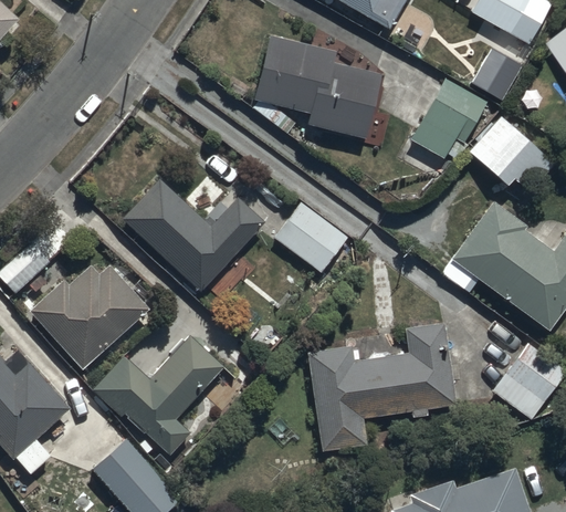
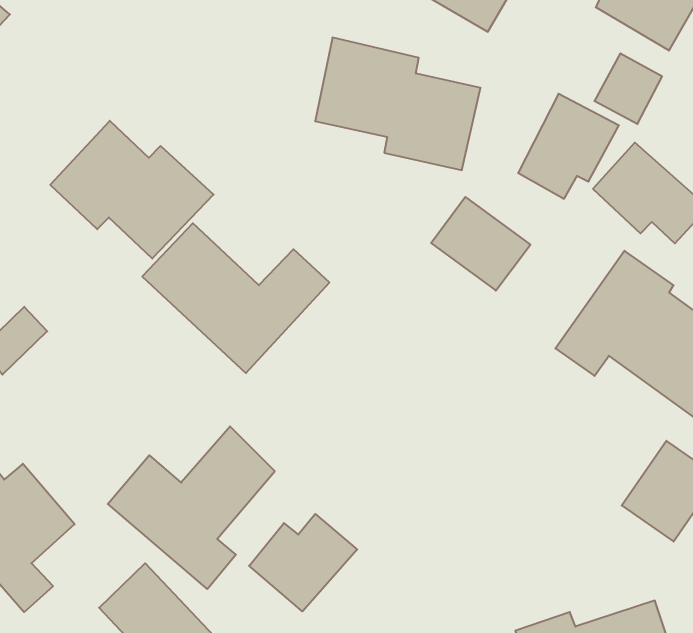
building: none -> [50,121,214,259]
building: [274,201,350,273] -> [431,197,530,291]
building: [29,263,150,369] -> none
building: [306,322,457,451] -> none
building: none -> [249,514,357,611]

